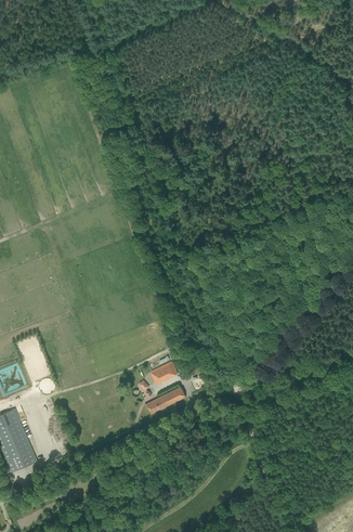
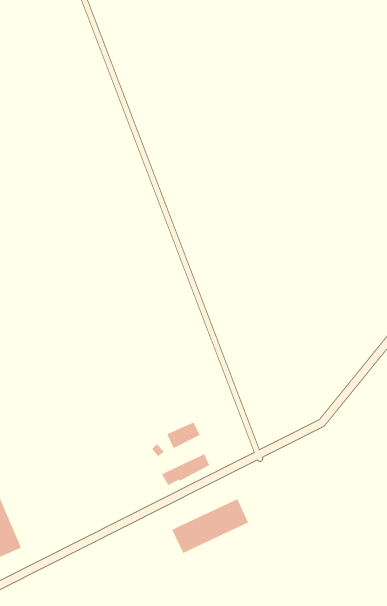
building: none -> [171,498,249,554]

